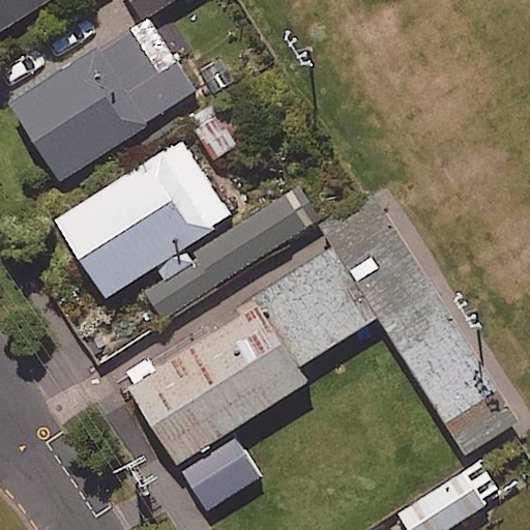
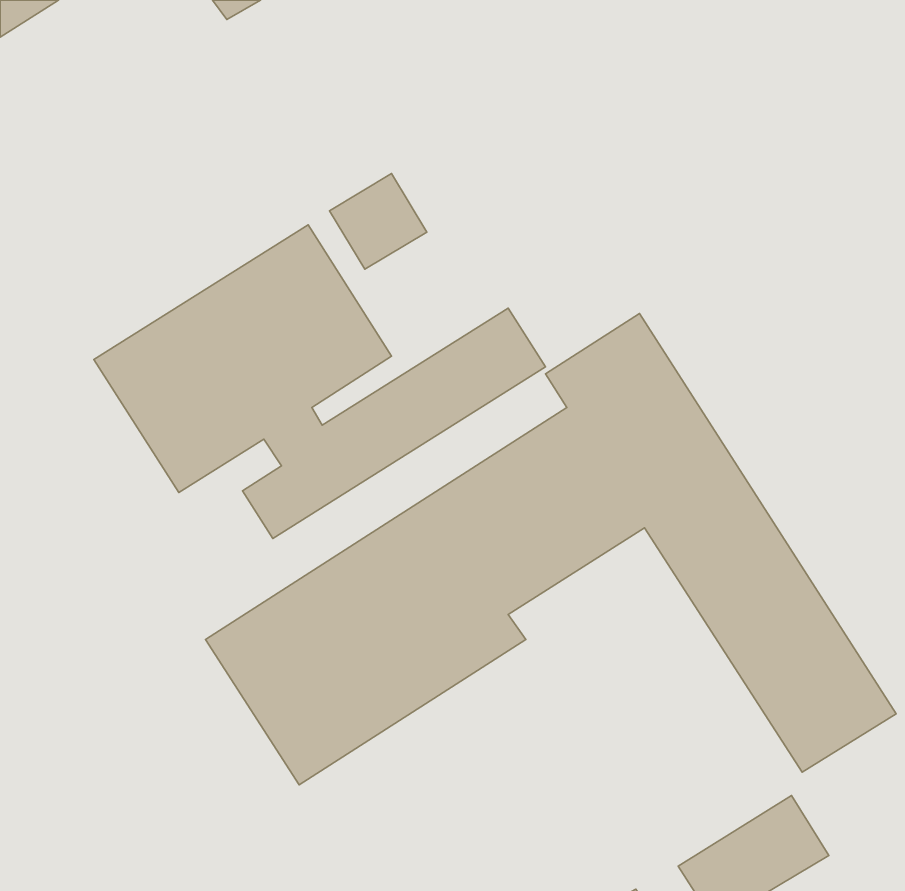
building: [9,18,194,179] -> none
building: [177,436,259,514] -> none

